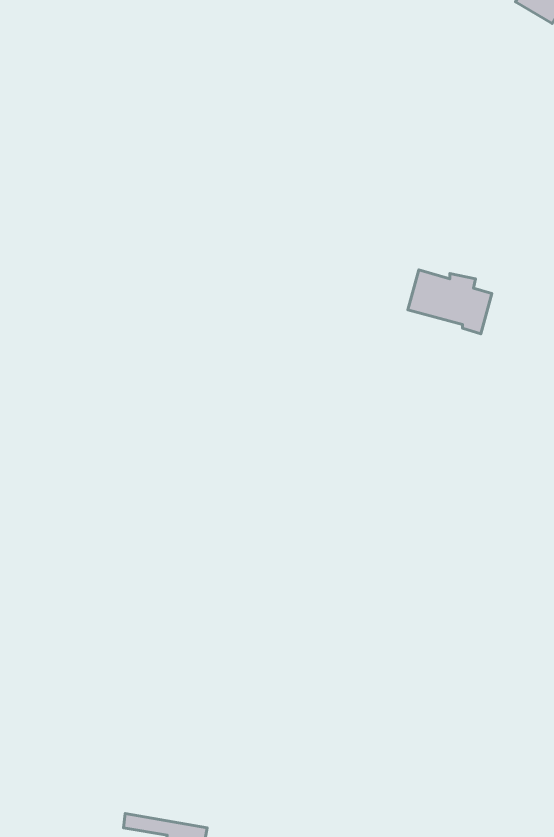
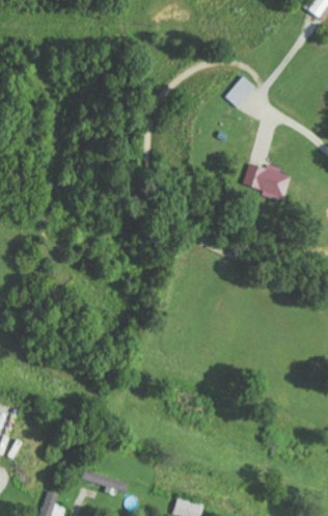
building: none -> [223,76,254,109]

